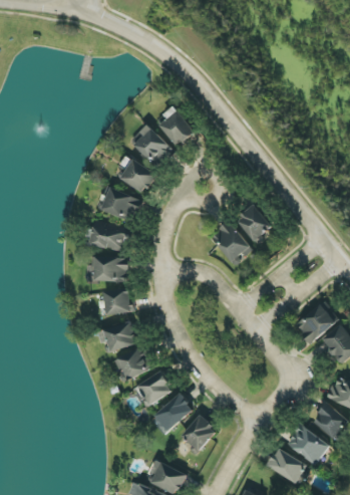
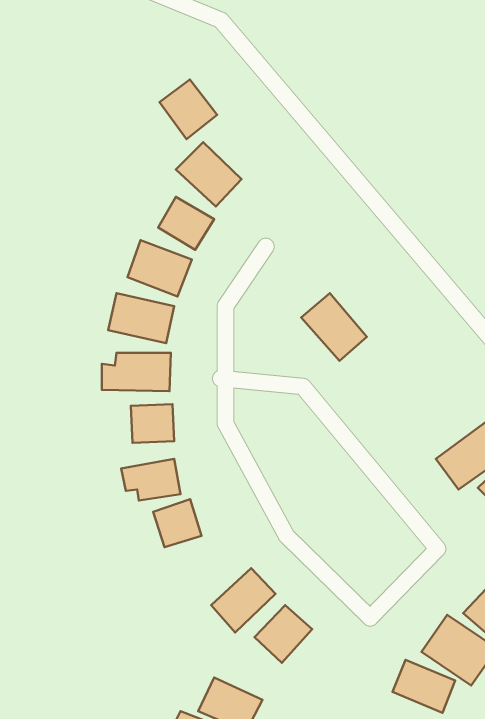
building: [159,110,196,148] -> [159,80,217,139]
building: [237,205,273,242] -> none
building: [134,373,173,407] -> none

